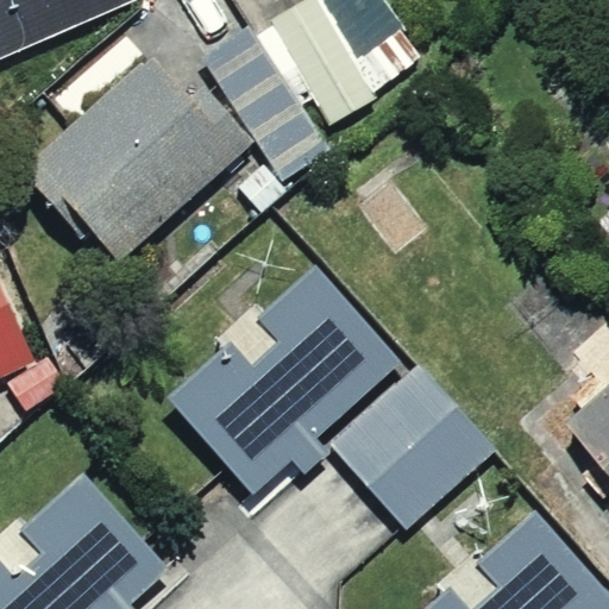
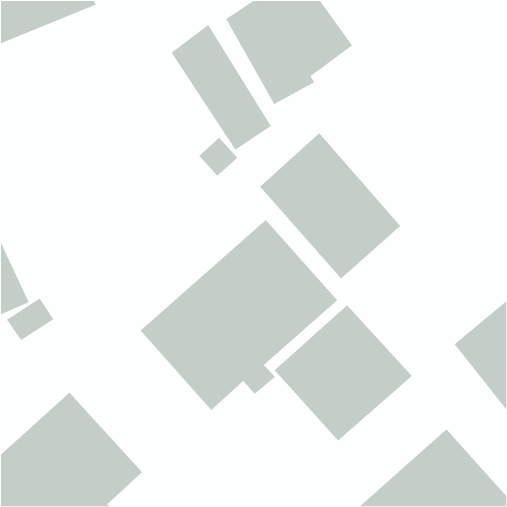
building: [19,54,255,259] -> none
building: none -> [259,132,401,279]

